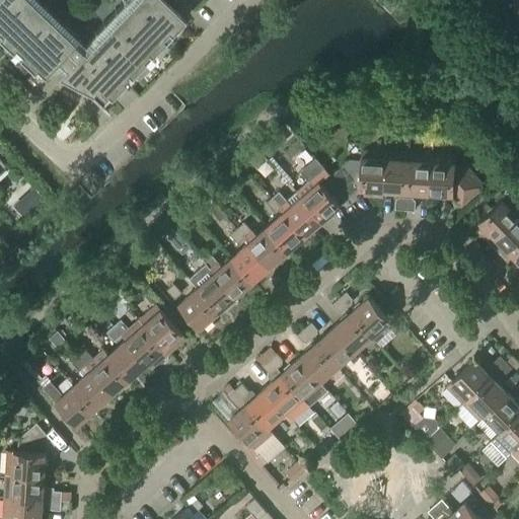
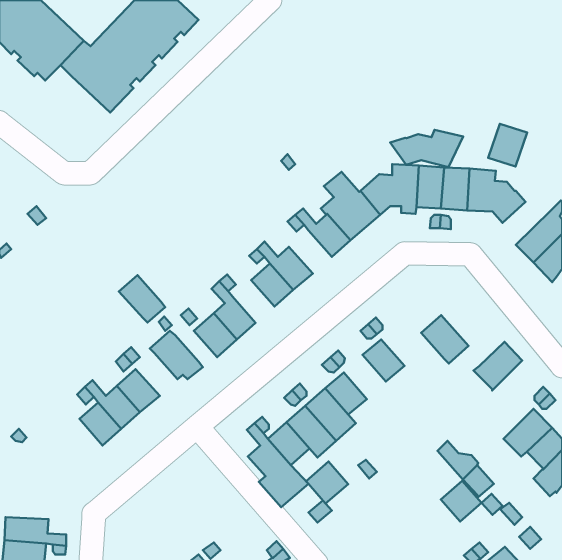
building: none -> [488,124,527,166]
building: none -> [390,130,463,167]
building: [266,215,305,254] -> none
building: [214,261,252,300] -> none
building: [351,299,394,344] -> [421,315,469,364]
building: [125,327,167,371] -> [119,275,165,322]
building: [316,329,355,370] -> none
building: [446,362,491,406] -> [474,342,522,390]
building: [38,378,94,428] -> none
building: [5,426,55,480] -> none
building: none -> [306,462,348,503]
building: none -> [441,481,482,522]

